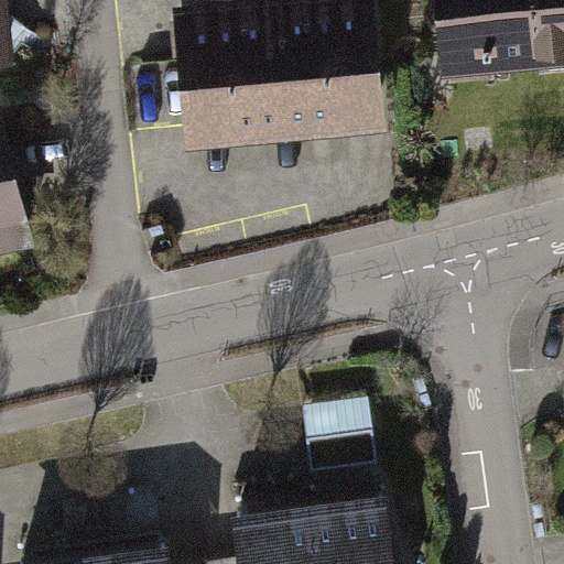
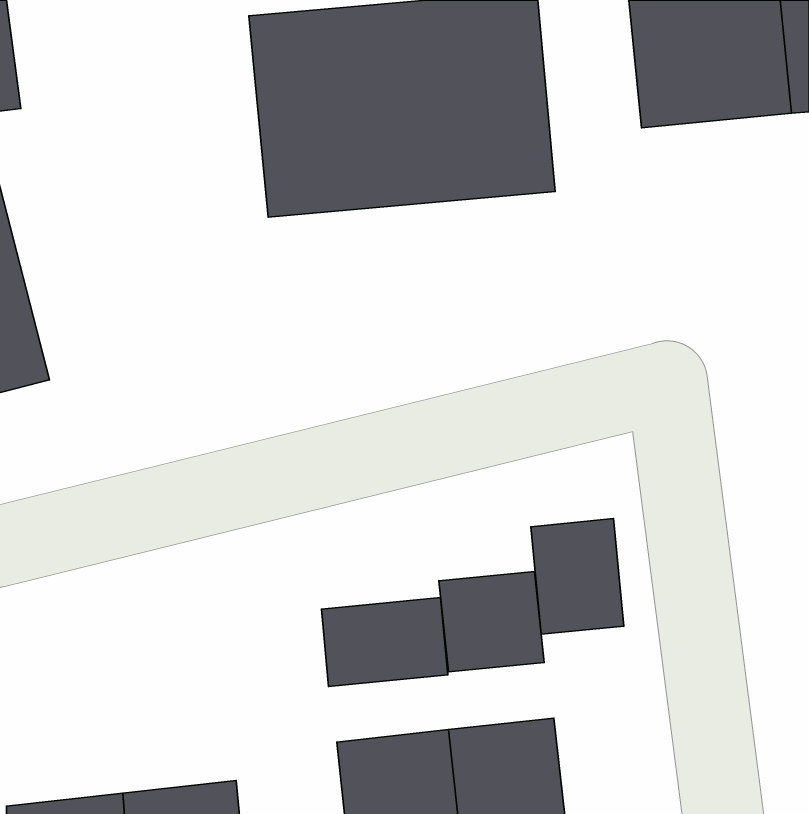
building: none -> [531,519,624,634]
building: none -> [321,597,448,687]

